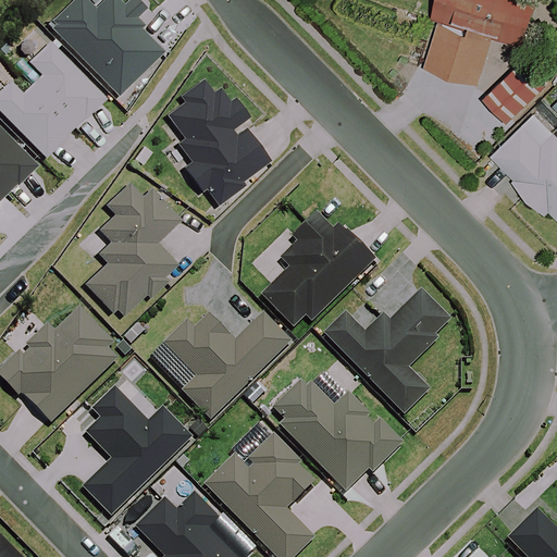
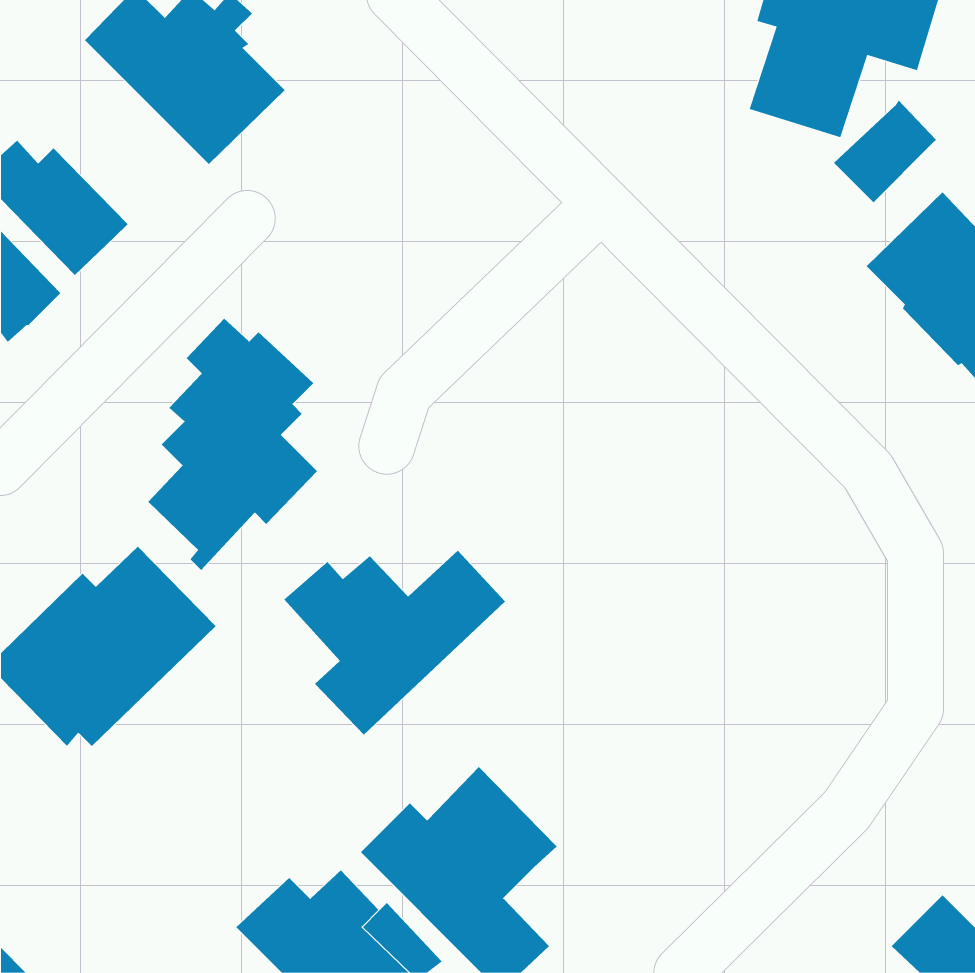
building: [28,41,106,127] -> none
building: [168,77,267,202] -> none
building: [264,213,376,331] -> none
building: [323,288,451,412] -> none
building: [273,381,399,490] -> none
building: [83,386,189,512] -> none

